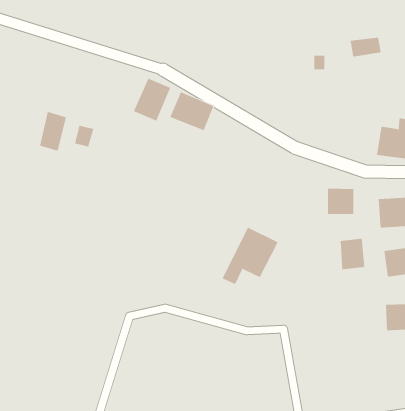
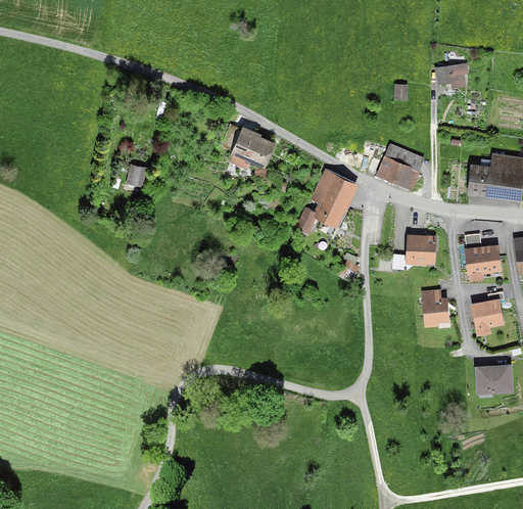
building: [133,78,171,122] -> none
building: [40,111,66,151] -> none
building: none -> [377,152,422,190]
building: [222,227,278,285] -> [296,169,360,234]

